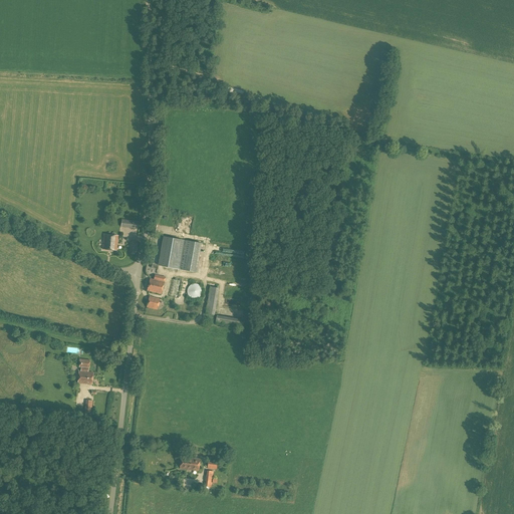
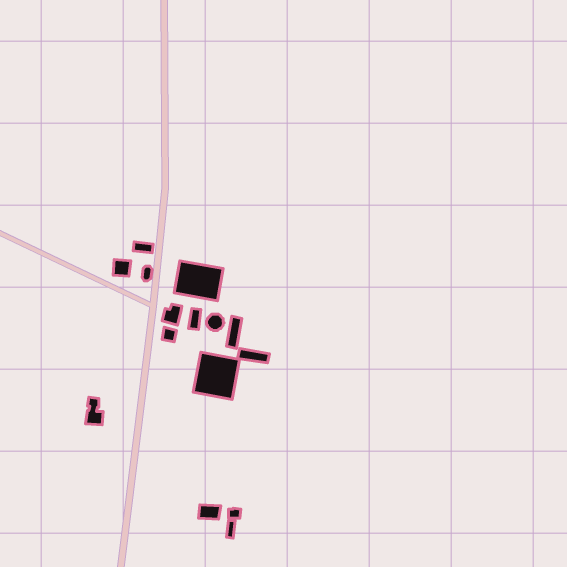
building: none -> [193,352,240,399]

